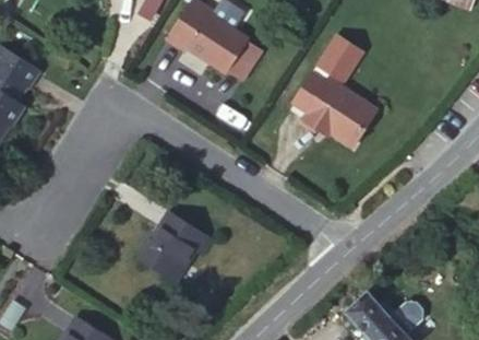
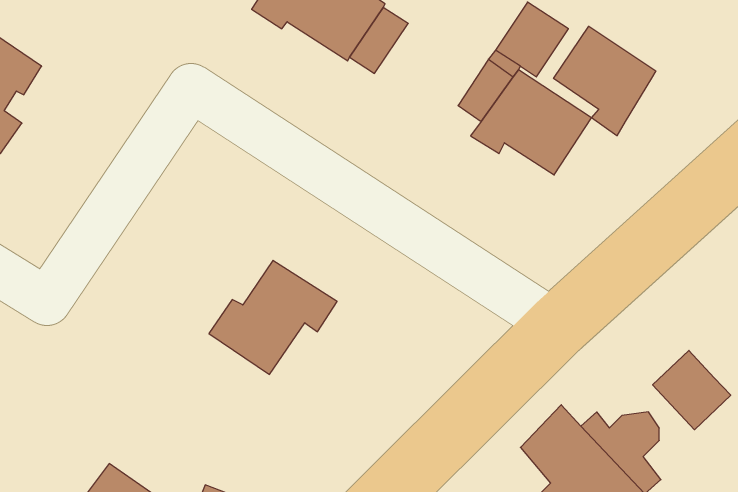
building: none -> [554,26,656,136]
building: none -> [653,350,731,430]

